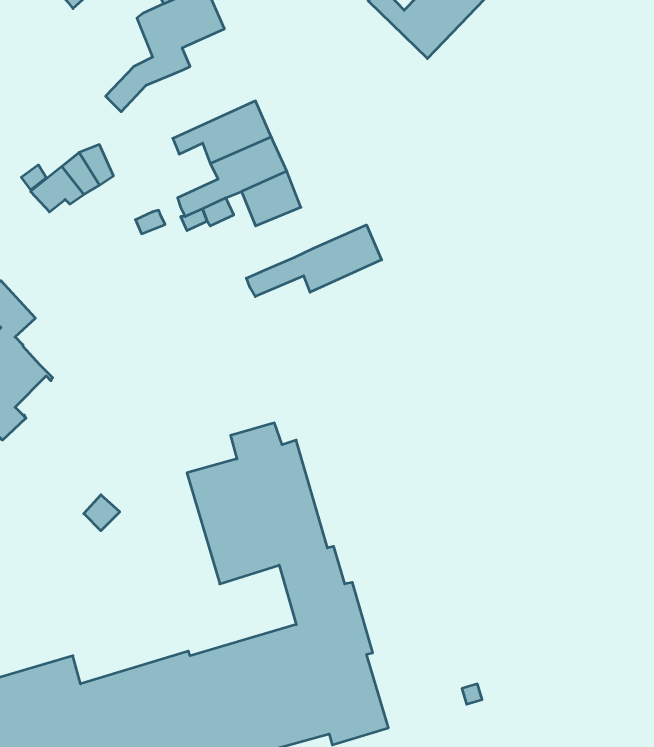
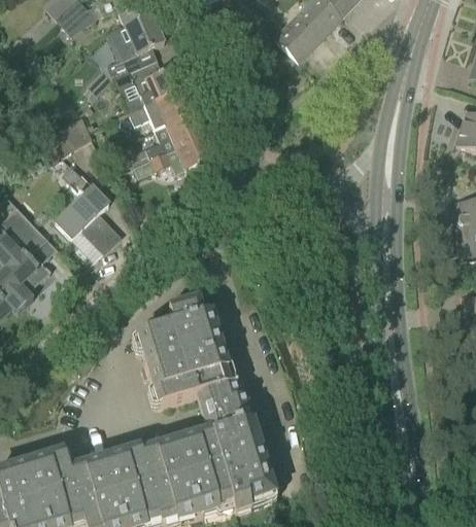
building: none -> [127,59,186,112]
building: none -> [57,164,122,251]
building: [246,225,382,297] -> none

